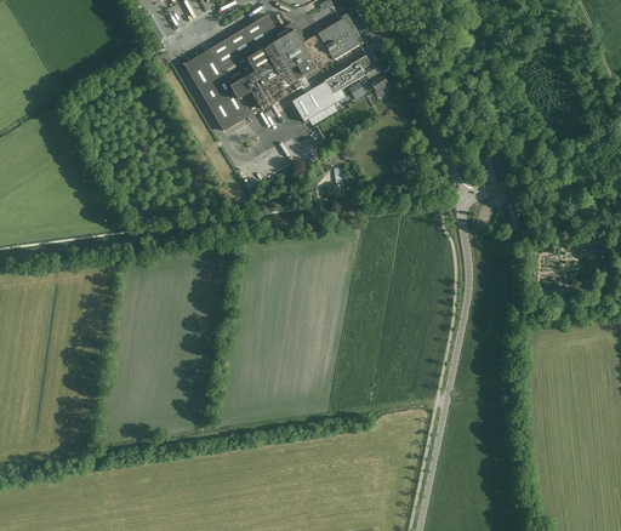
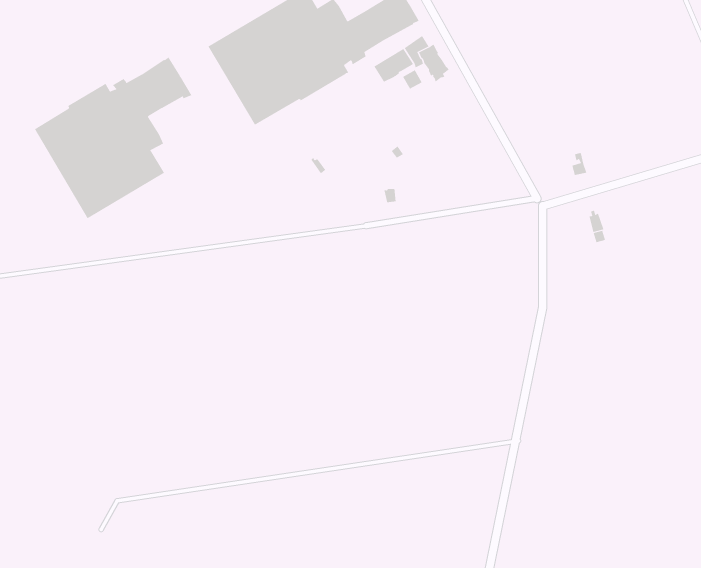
building: none -> [34,56,192,219]
building: [290,80,347,121] -> none

